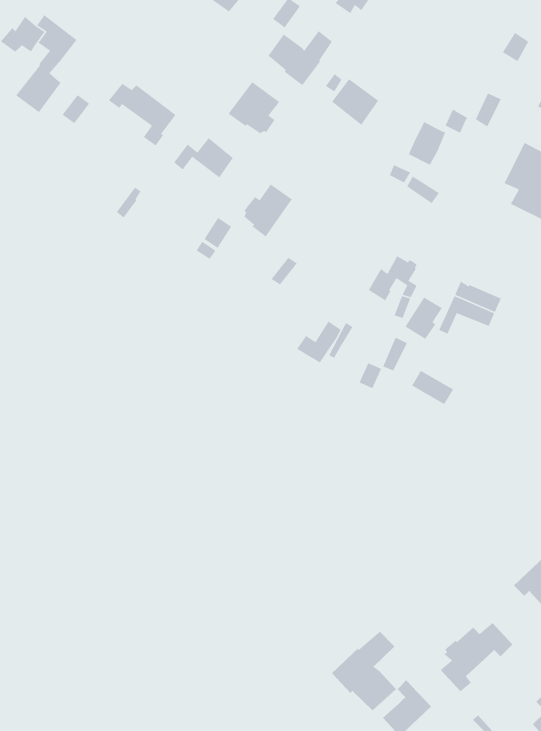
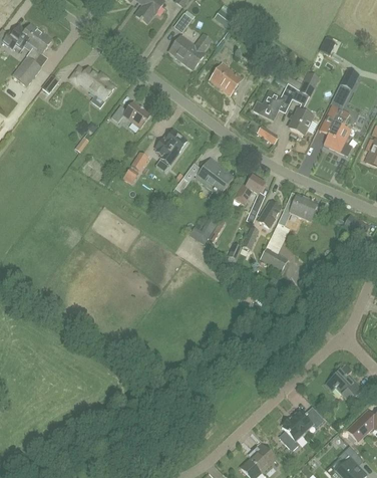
building: [227,81,280,134] -> none
building: none -> [289,108,317,134]
building: none -> [196,158,233,195]
building: [331,631,397,711] -> none

